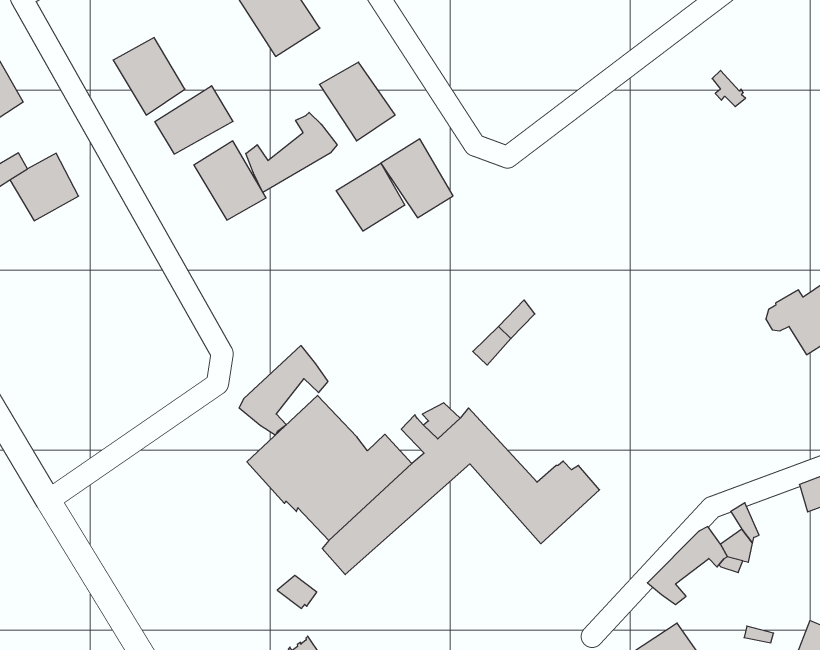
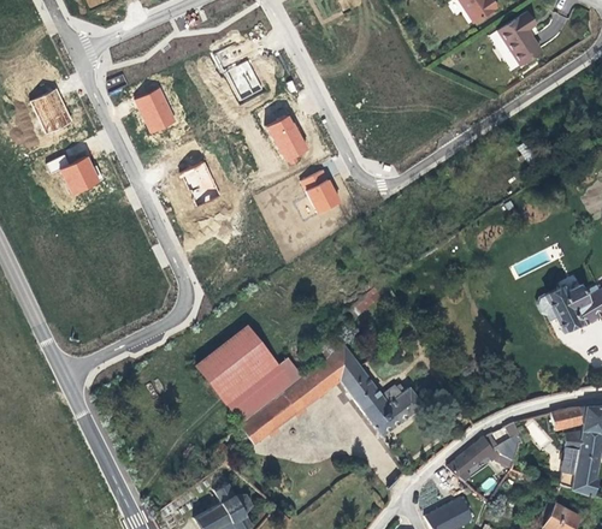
building: [155,86,233,154] -> none
building: [246,112,337,192] -> none
building: [336,163,405,231] -> none
building: [239,346,328,435] -> none

